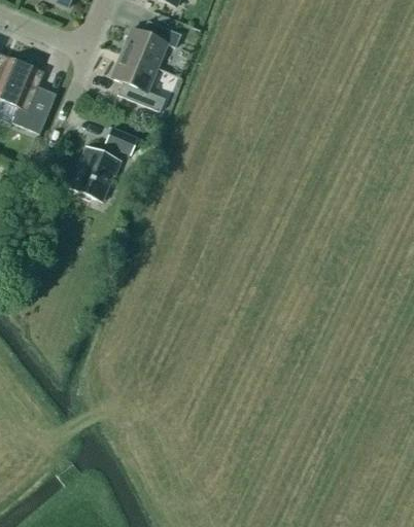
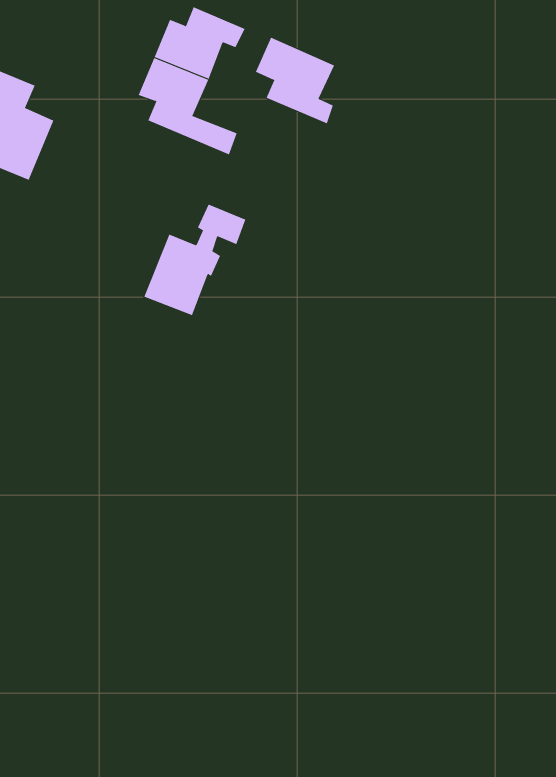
building: none -> [255,37,335,124]
building: [70,127,137,200] -> [144,204,246,316]

